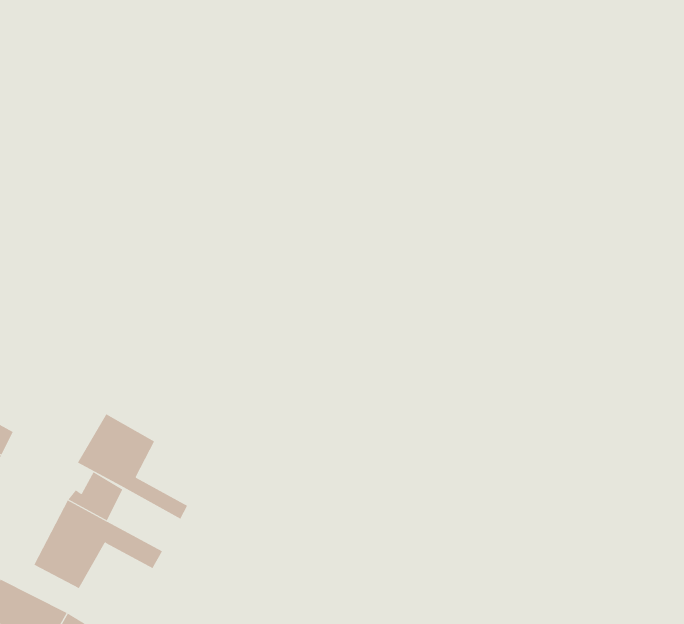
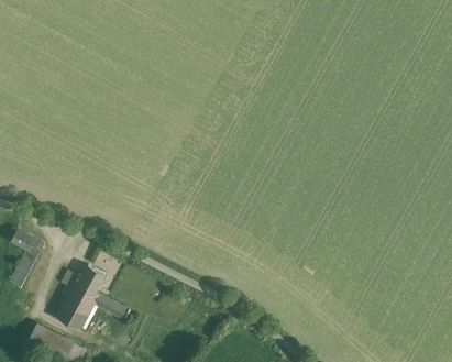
building: [77,414,188,520] -> none

